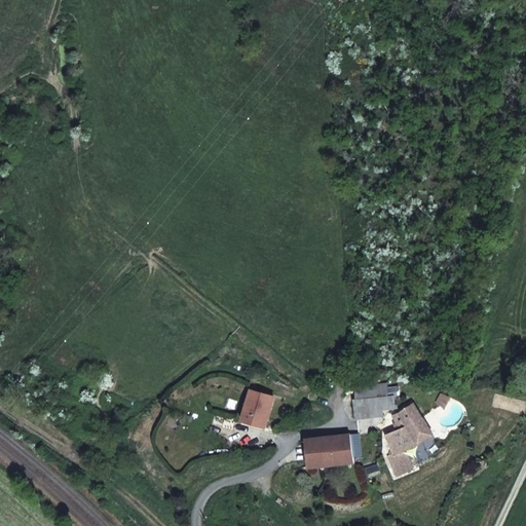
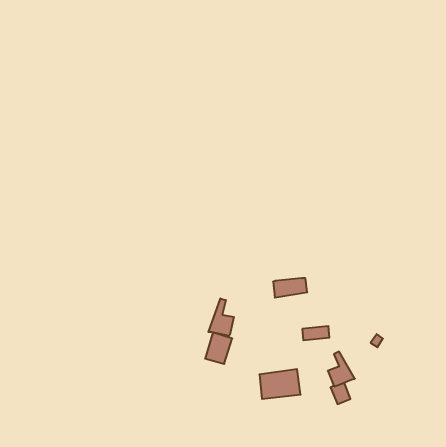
building: none -> [208,298,234,336]
building: [352,397,392,419] -> [273,278,307,298]
building: [398,404,431,445] -> none

